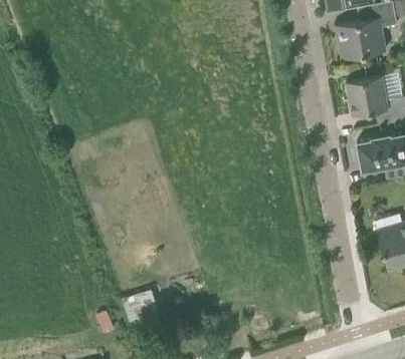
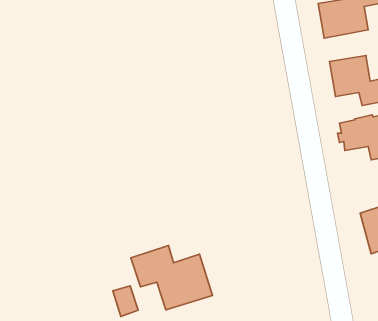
building: none -> [131,245,213,310]

